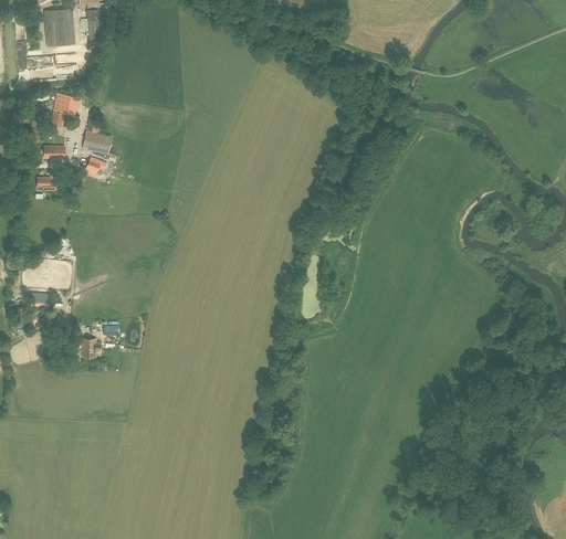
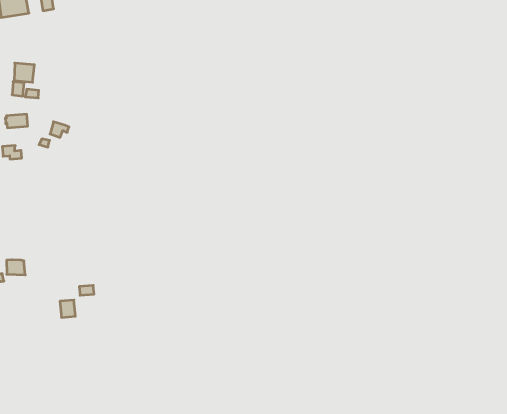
building: [83,131,112,154] -> none

